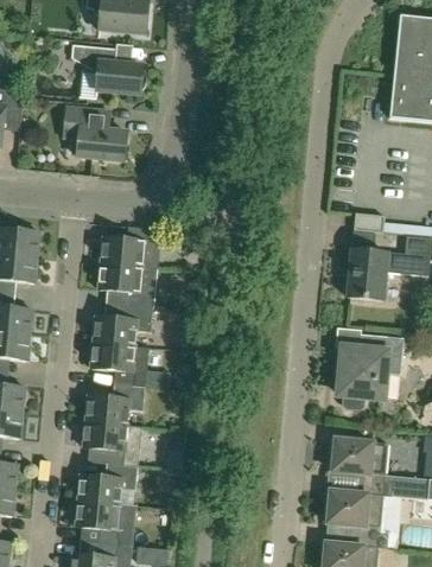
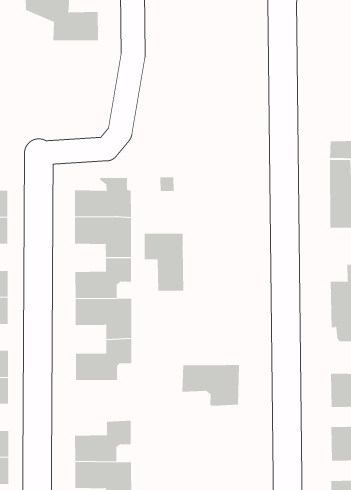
building: [64,107,127,160] -> none
building: none -> [144,233,184,291]
building: [83,421,142,465] -> [181,365,240,406]

